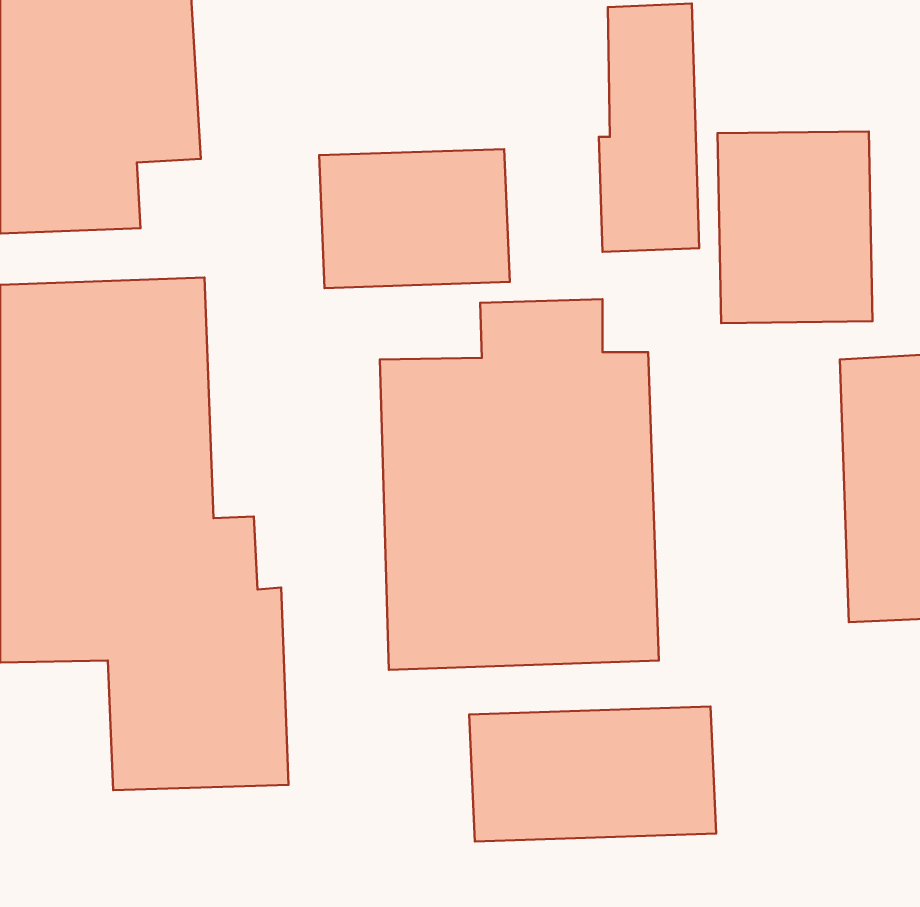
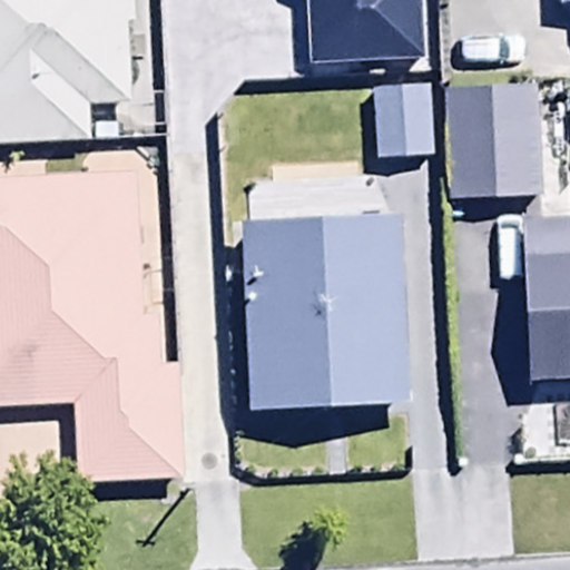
building: [319,149,510,288] -> none
building: [469,706,716,842] -> none

